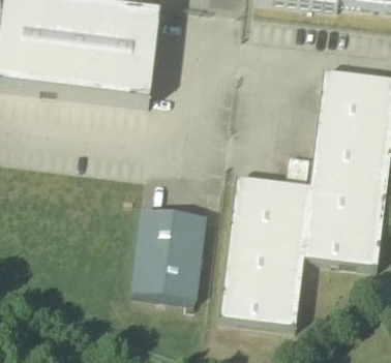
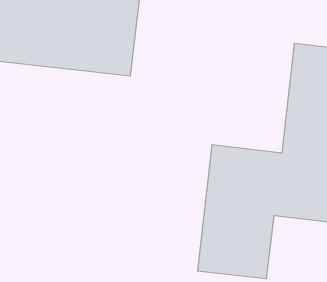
building: [132,210,206,302] -> none

